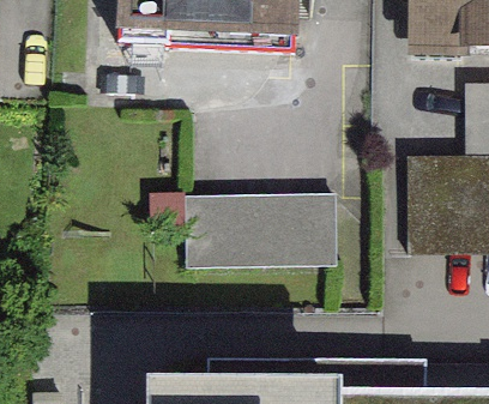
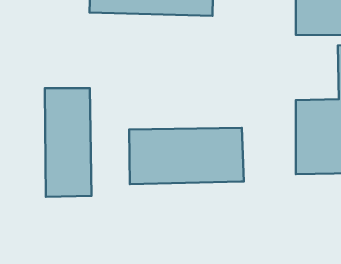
building: none -> [45,88,92,197]

